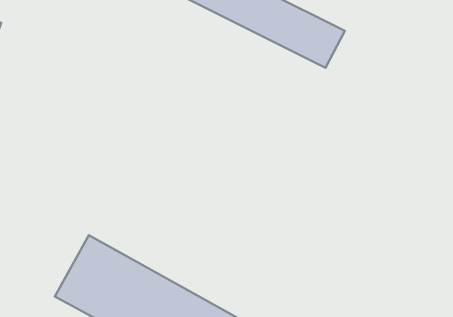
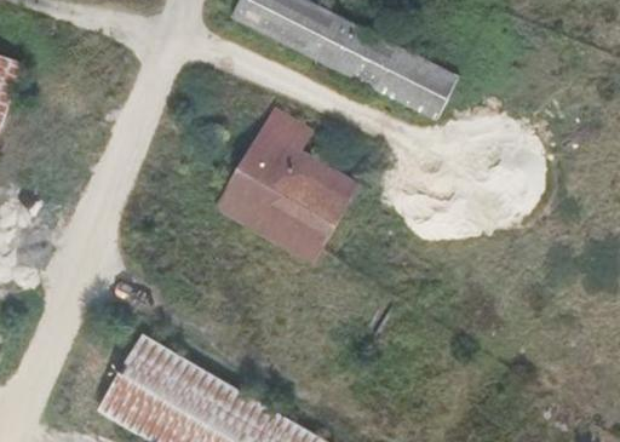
building: none -> [214,108,361,266]

